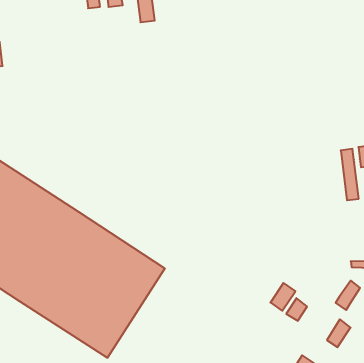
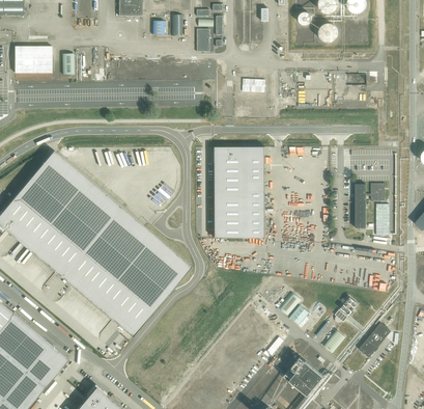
building: none -> [214,146,265,238]

